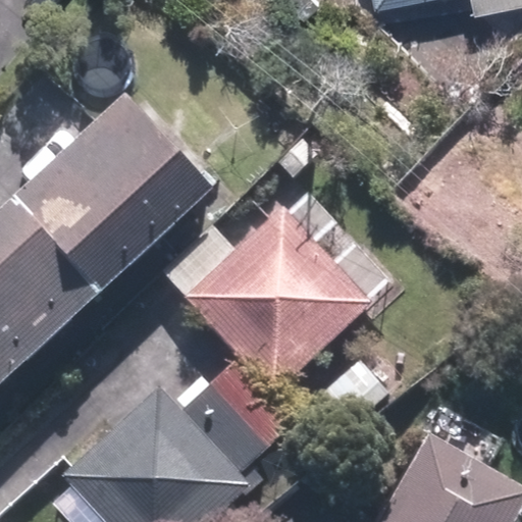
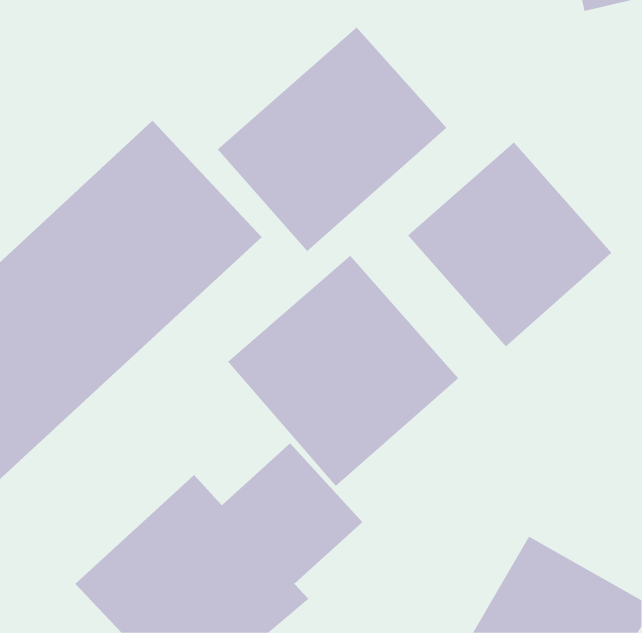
building: none -> [217,26,447,252]
building: none -> [407,142,612,347]

